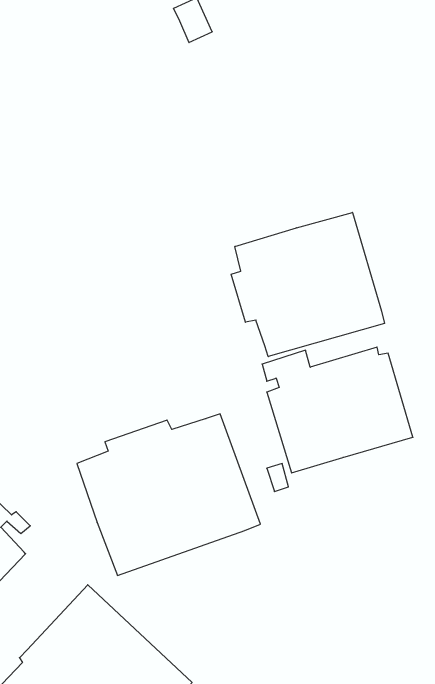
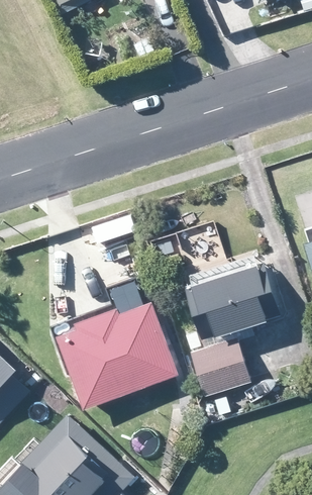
building: [231,212,384,357] -> none
building: none -> [188,341,247,399]

